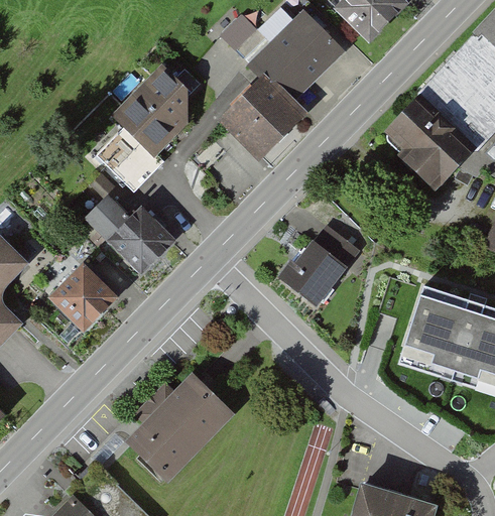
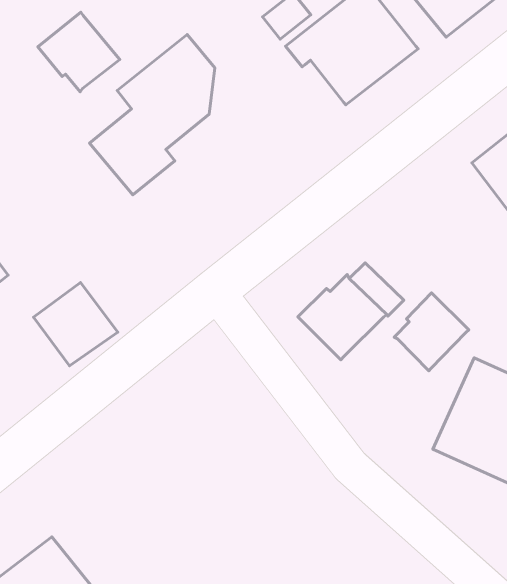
building: none -> [38,12,120,92]
building: [216,69,304,156] -> none
building: [83,189,175,270] -> none
building: none -> [394,293,469,371]
building: [126,376,232,483] -> none

